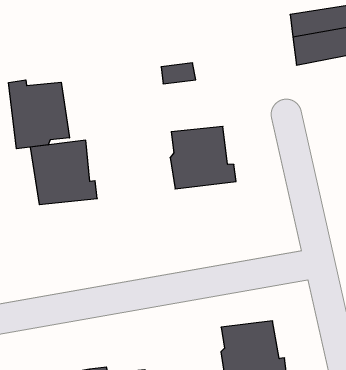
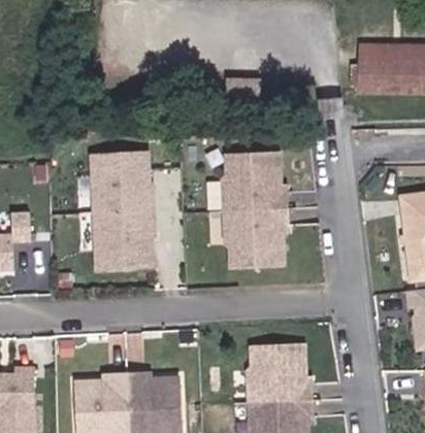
building: [9,80,69,149] -> none
building: none -> [228,208,288,265]
building: none -> [95,207,152,266]

